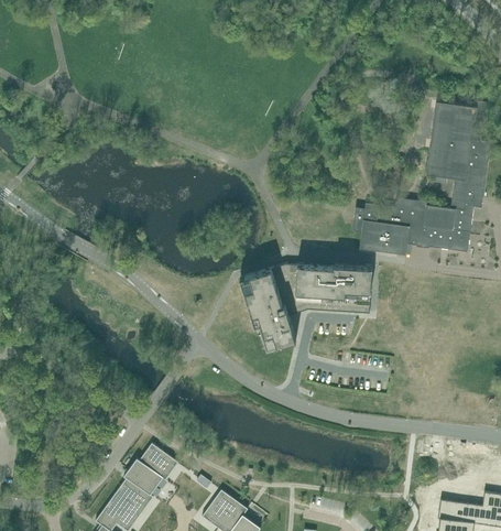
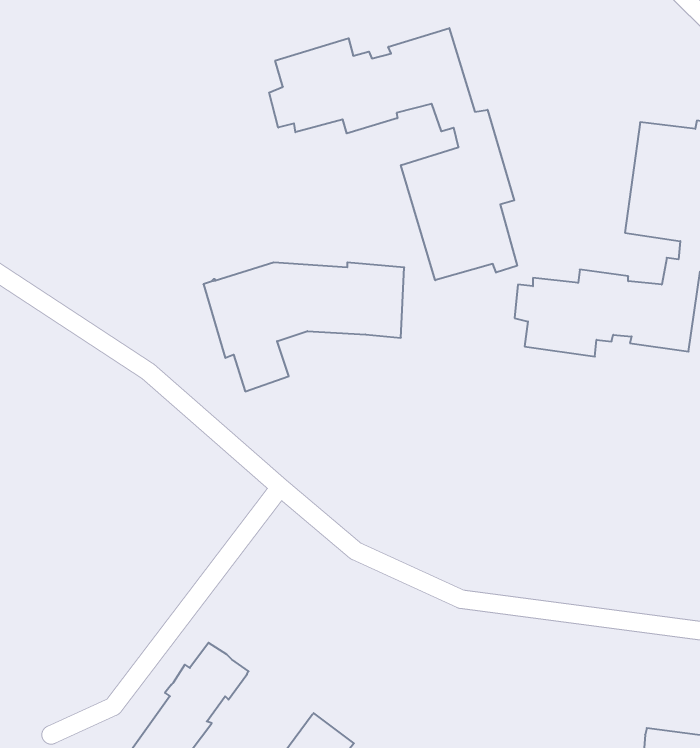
building: none -> [269,28,517,280]
building: [240,264,372,349] -> [203,262,404,391]

